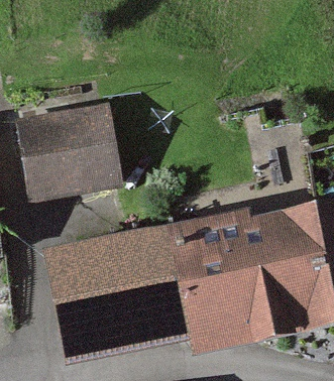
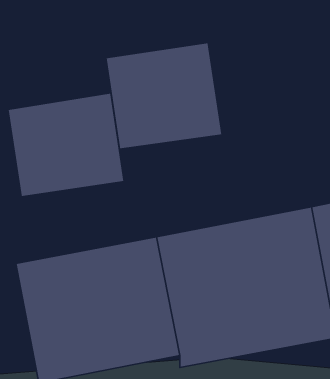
building: none -> [106,42,222,149]

